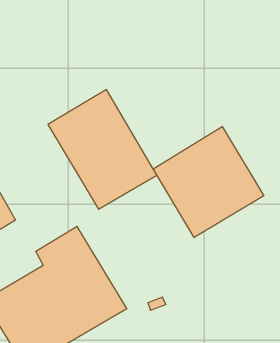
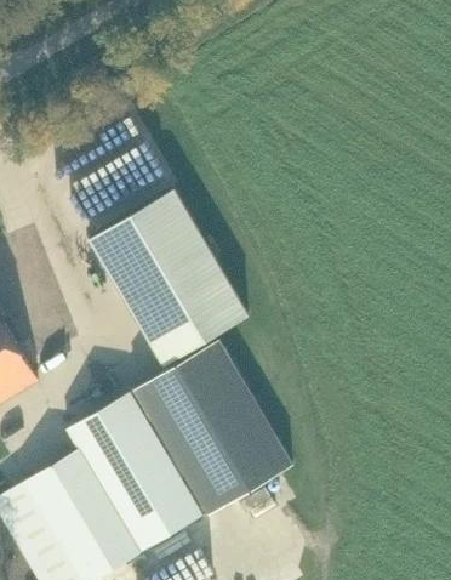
building: [153,127,264,238] -> none
building: none -> [130,341,290,514]

